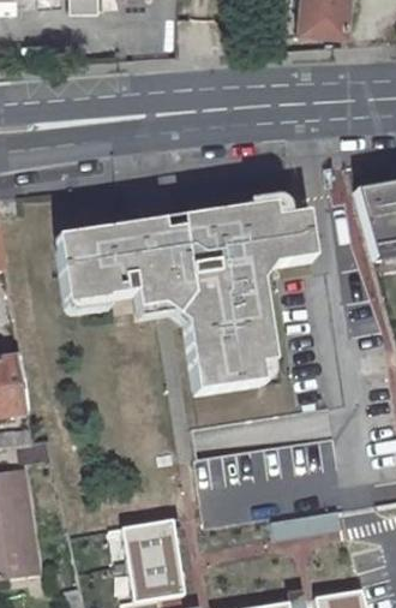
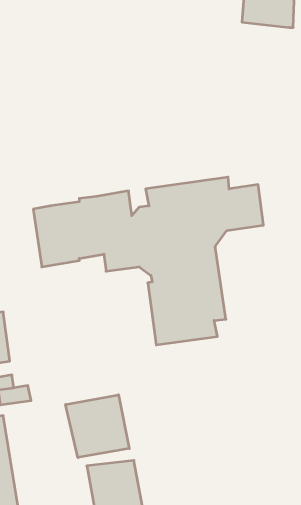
building: none -> [66,395,129,458]

